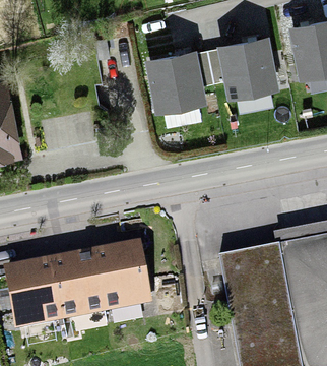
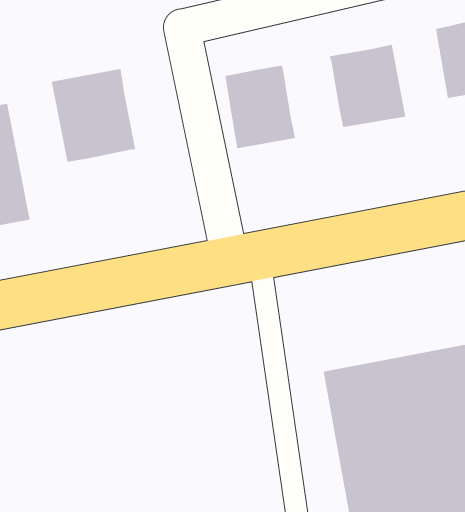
building: [193,50,230,86] -> none
building: none -> [51,68,136,162]
building: [7,251,145,323] -> none

